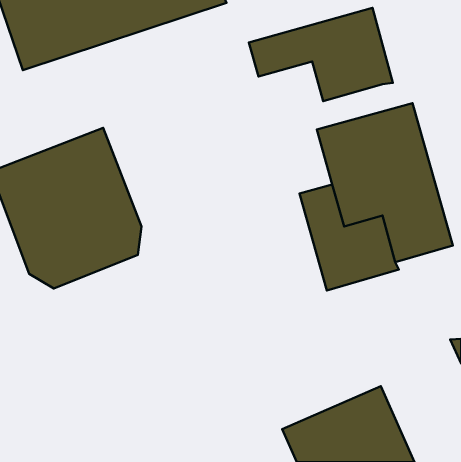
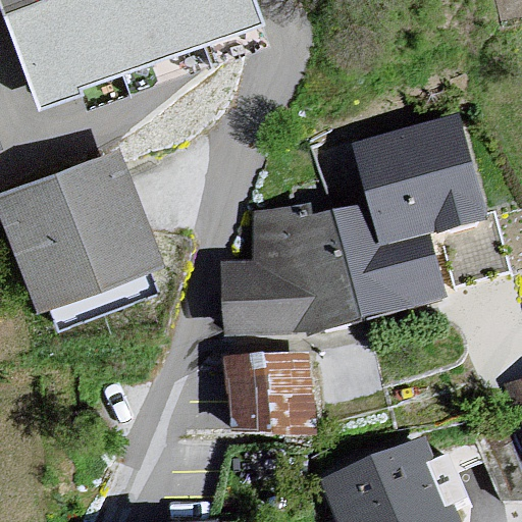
building: [249,8,393,101] -> none
building: none -> [209,204,365,346]
building: none -> [223,350,324,458]

